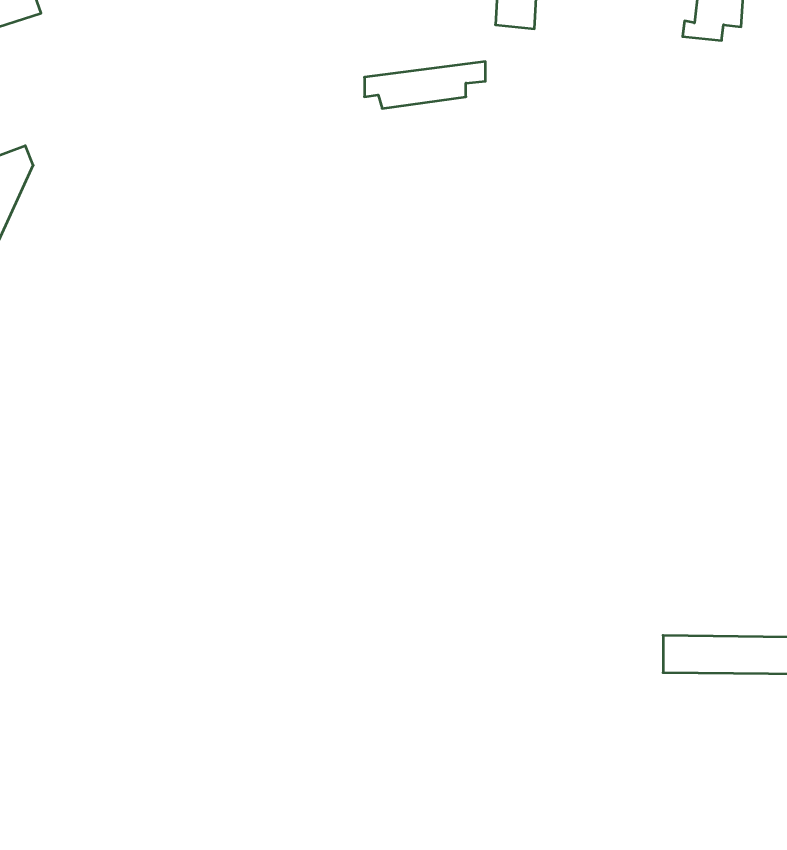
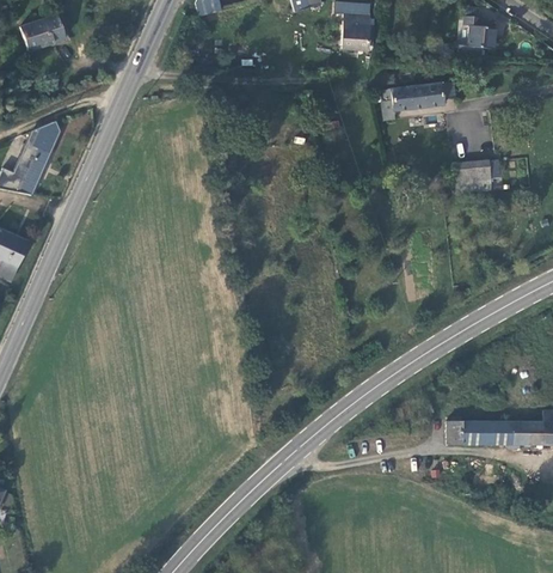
building: [364,62,485,108] -> [381,81,455,110]
building: none -> [454,160,491,182]

